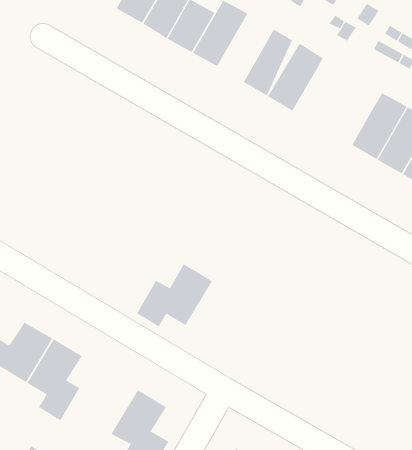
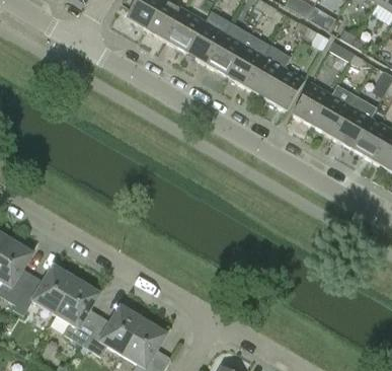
building: none -> [206,20,250,75]
building: none -> [265,67,305,109]
building: none -> [292,81,330,125]
building: [136,263,213,327] -> [81,305,142,356]

